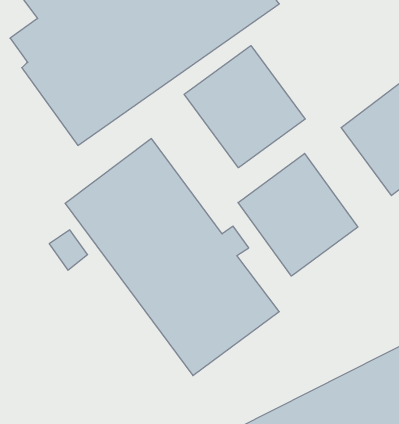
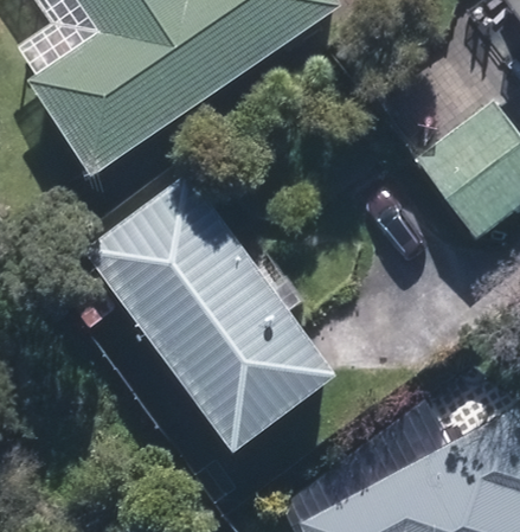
building: [184,46,305,168] -> none
building: [238,153,358,276] -> none

